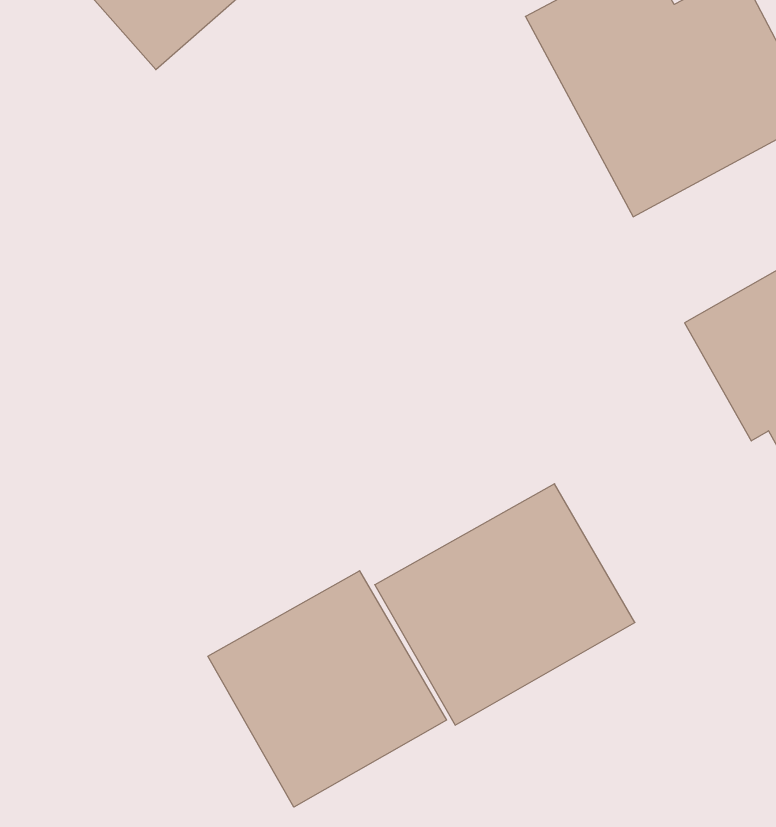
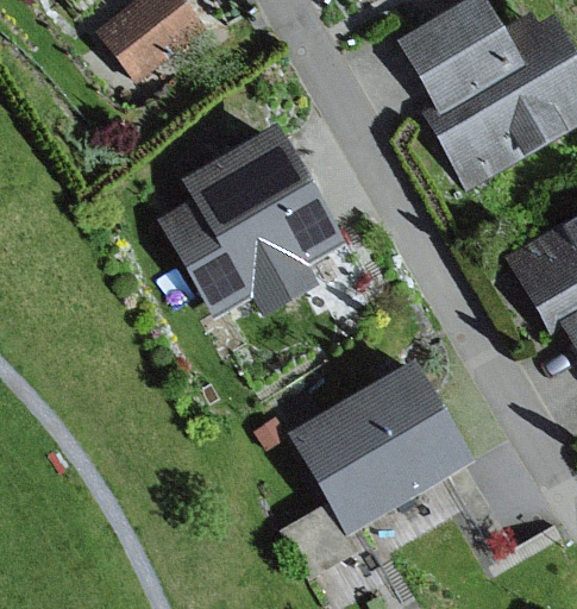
building: none -> [161,124,346,314]
building: [208,571,447,807] -> none

